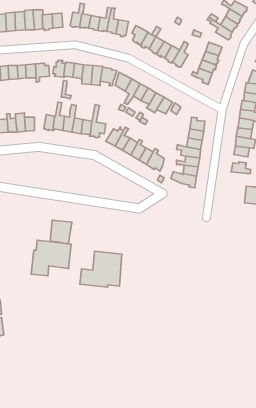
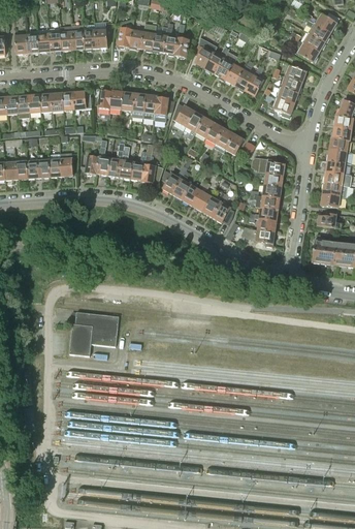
building: none -> [313,232,336,263]
building: [50,220,72,244] -> none
building: [80,251,122,287] -> none

